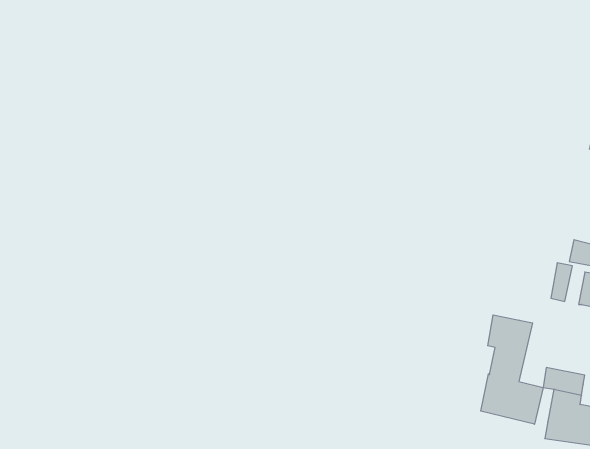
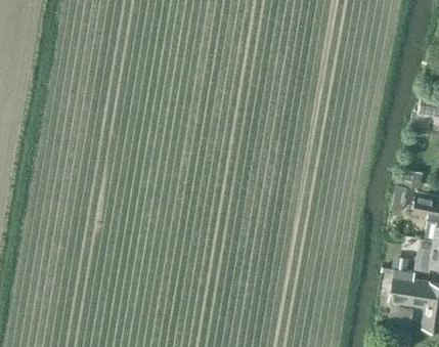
building: [481,315,543,424] -> none

